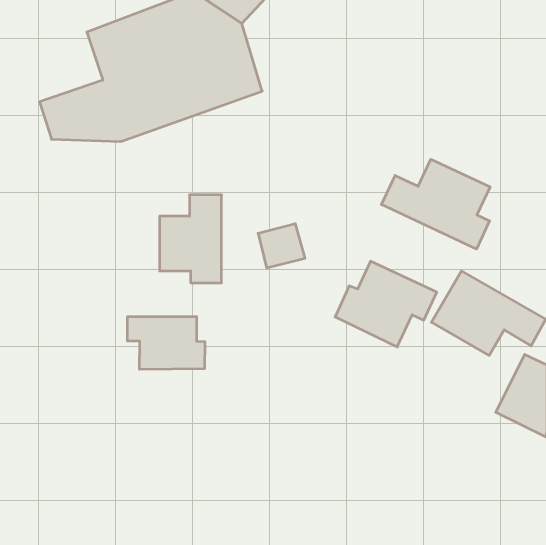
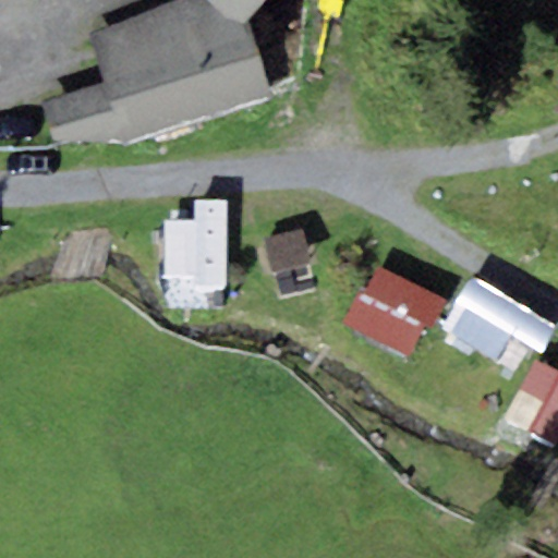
building: [381,159,490,249] -> none
building: [128,317,205,369] -> none

